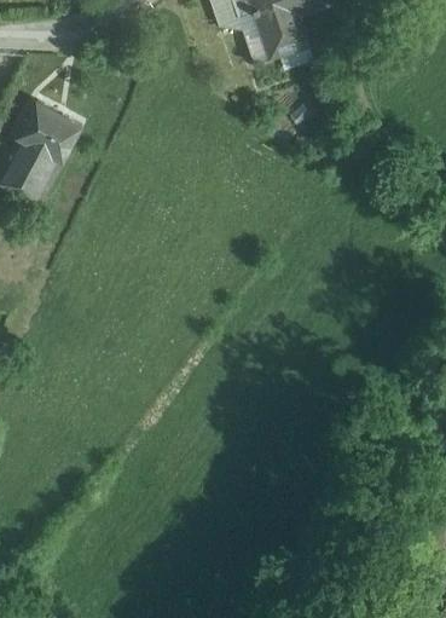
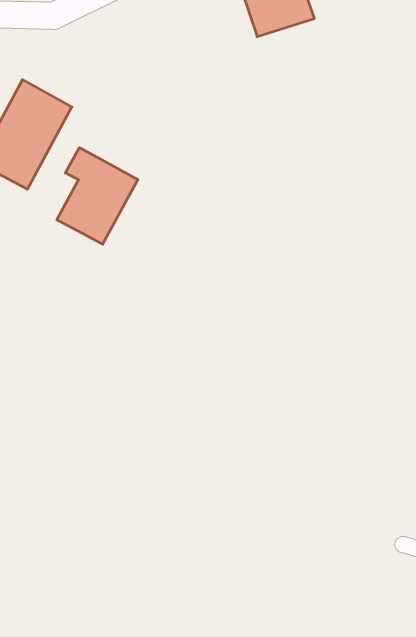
building: none -> [57,148,138,244]

